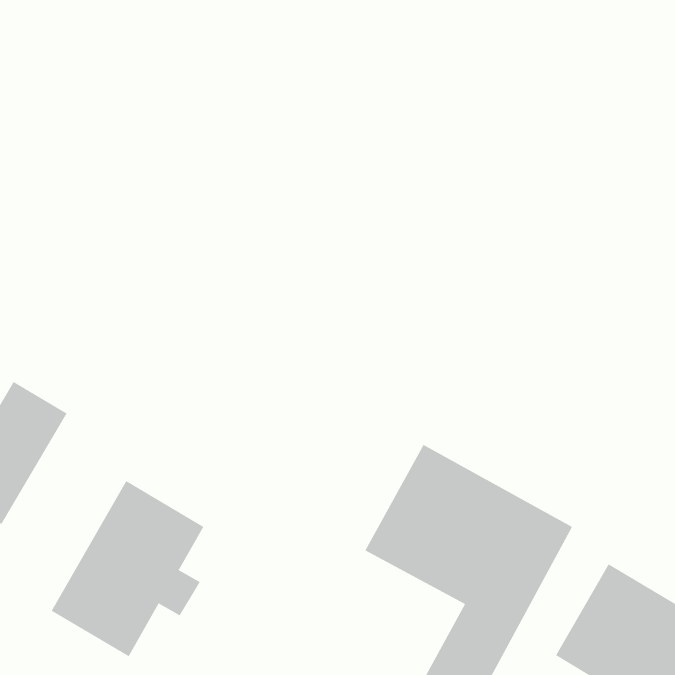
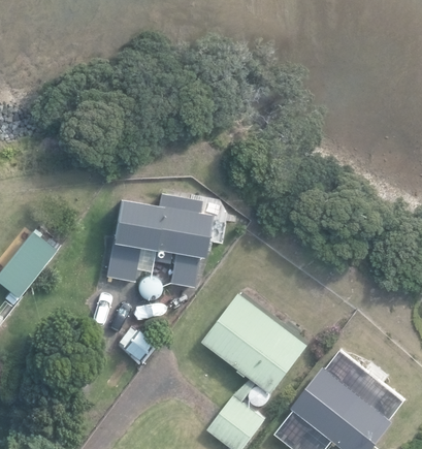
building: none -> [109,196,212,288]
building: [51,480,204,657] -> none

